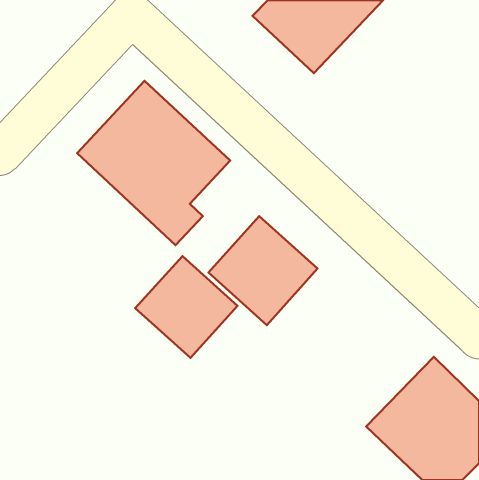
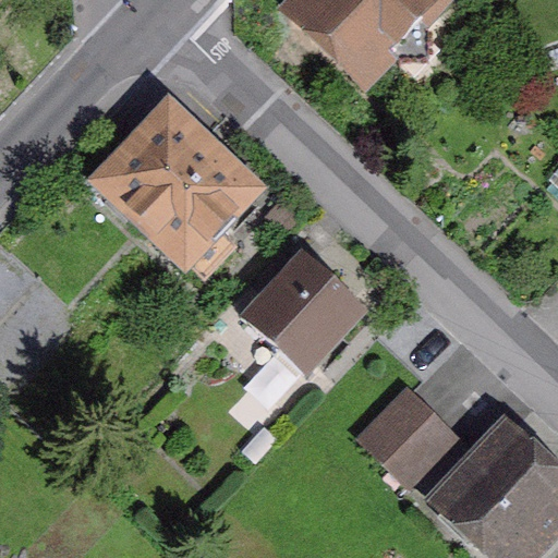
building: [135,256,238,358] -> none
building: none -> [355,388,460,490]

